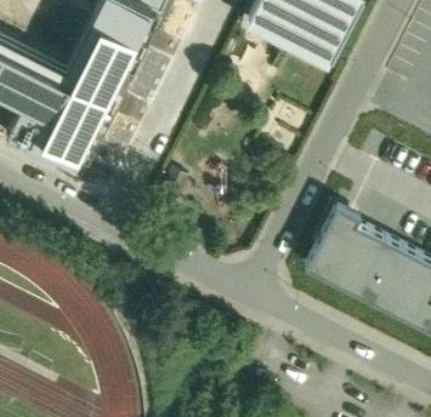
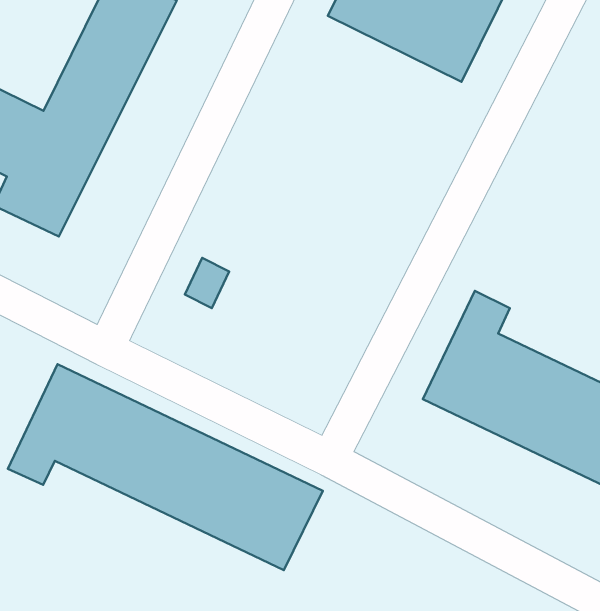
building: none -> [8,364,323,570]

